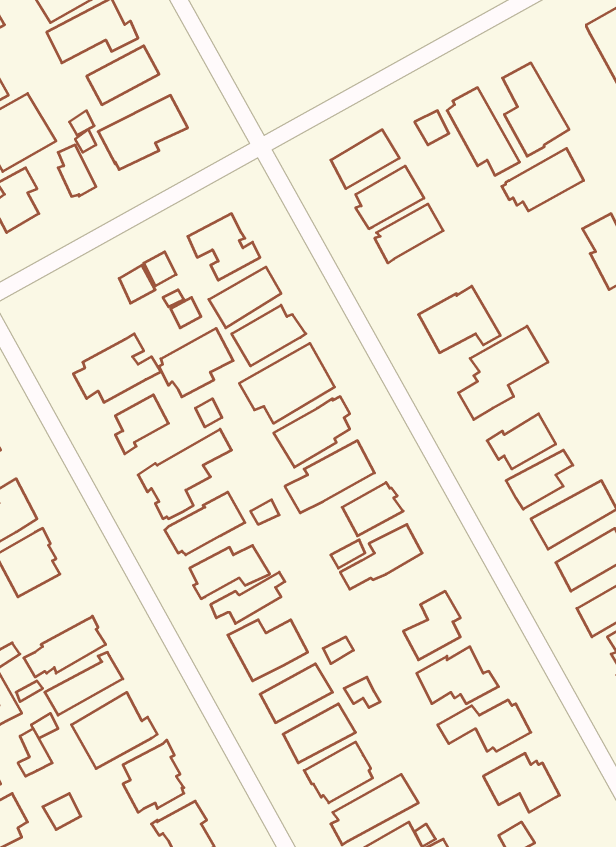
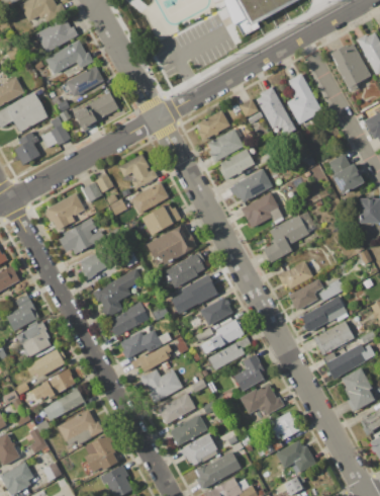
building: [502,148,584,211] -> [229,168,273,201]
building: [159,328,233,397] -> [45,192,85,229]
building: none -> [208,337,251,370]
building: none -> [26,348,65,381]

